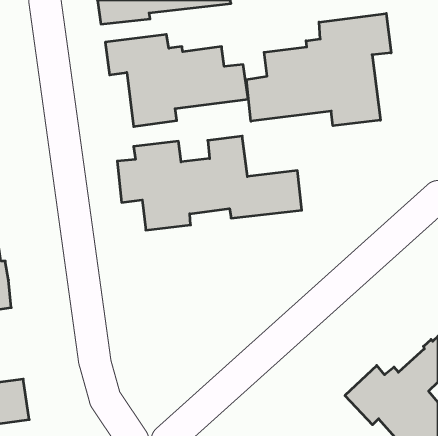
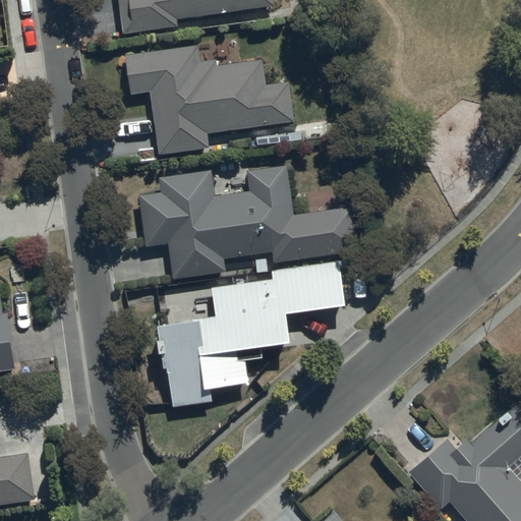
building: [246,13,391,126] -> none
building: none -> [159,260,344,406]

